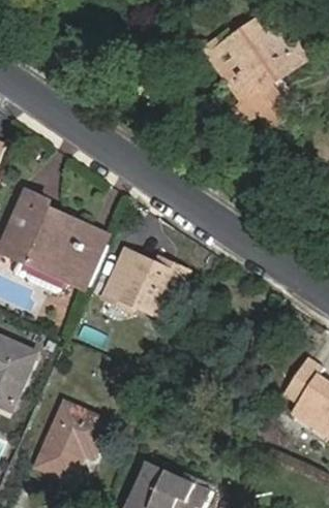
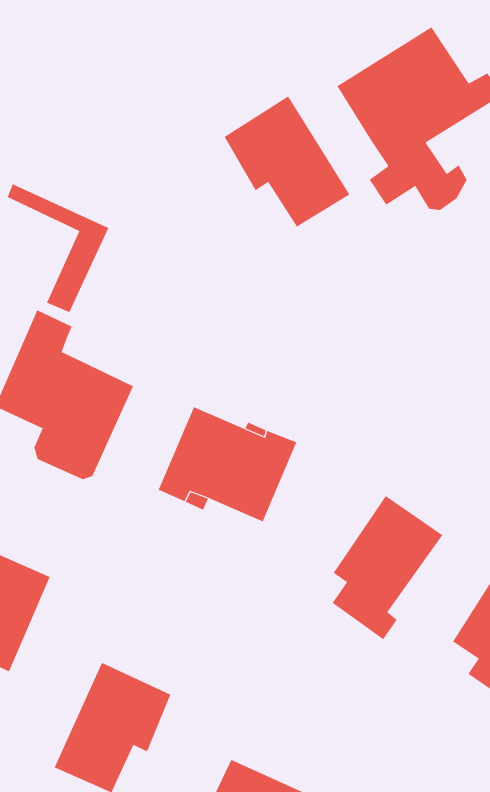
building: none -> [224,95,350,228]
building: [43,207,106,285] -> [7,183,109,313]
building: none -> [332,495,443,640]

